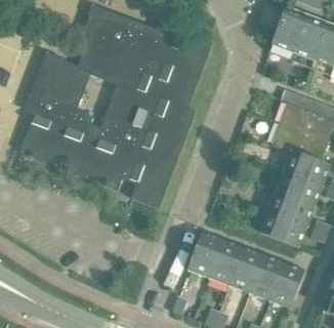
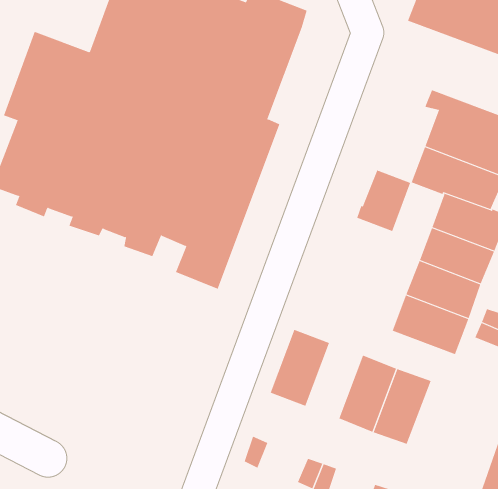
building: none -> [357,169,411,232]
building: [208,239,242,284] -> none
building: [268,261,304,308] -> none

